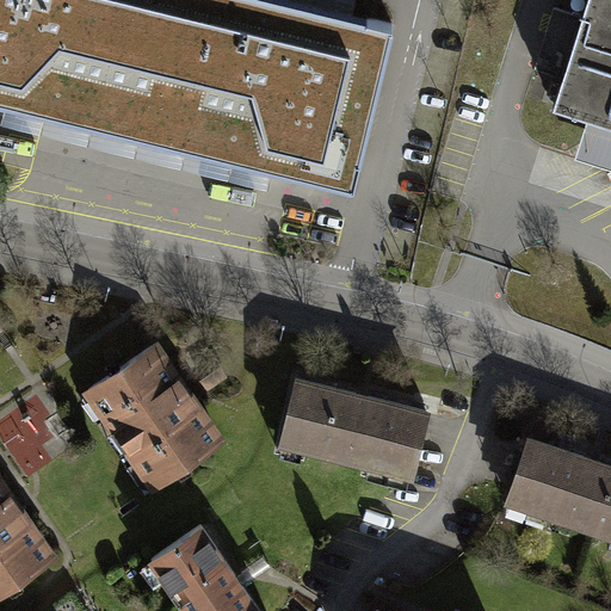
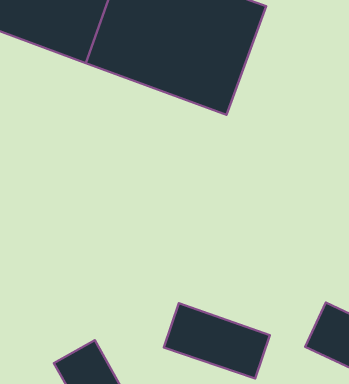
building: [78,348,220,498] -> none
building: [270,378,419,474] -> [164,303,270,379]

